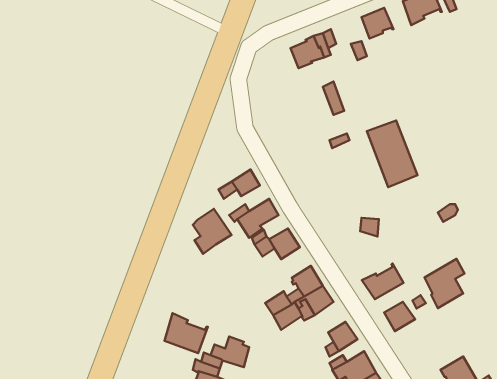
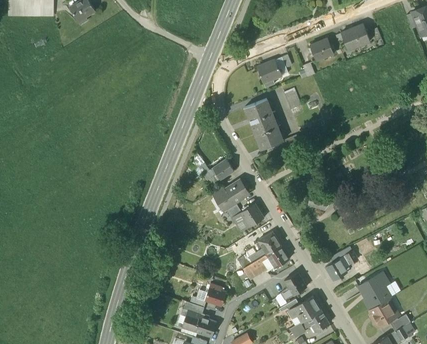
building: [367,120,418,187] -> [245,99,283,149]
building: [193,209,232,254] -> none
building: [425,259,465,308] -> [359,272,389,309]
building: [362,264,403,299] -> none
building: [165,313,208,353] -> none

